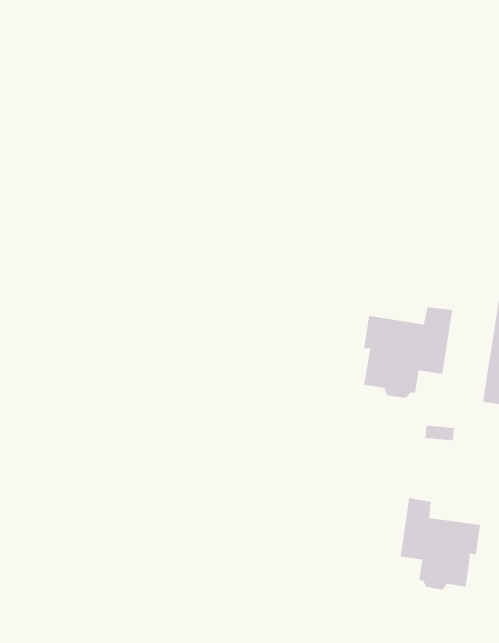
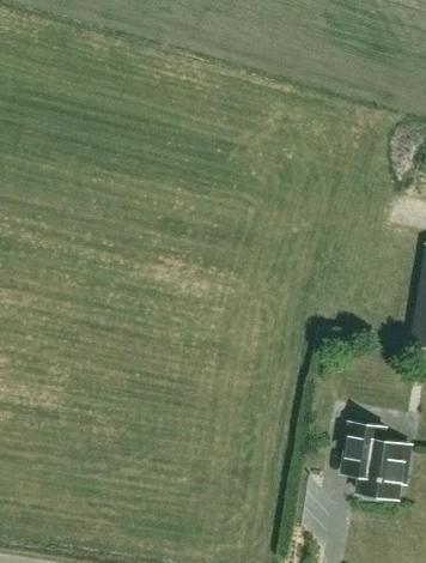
building: [363,307,453,399] -> none

